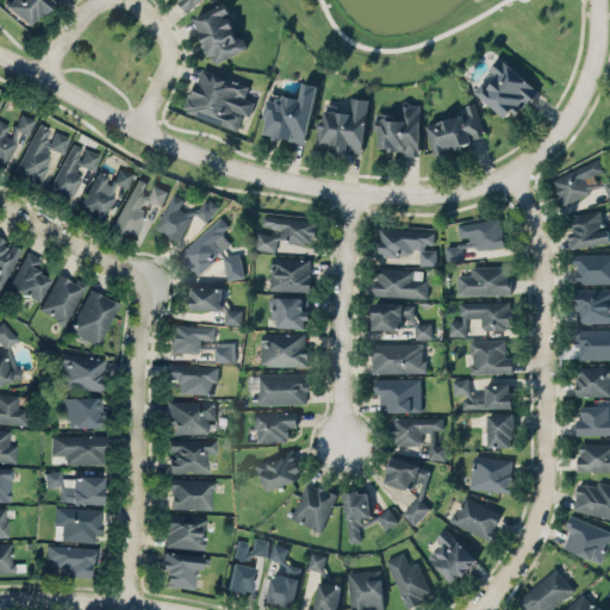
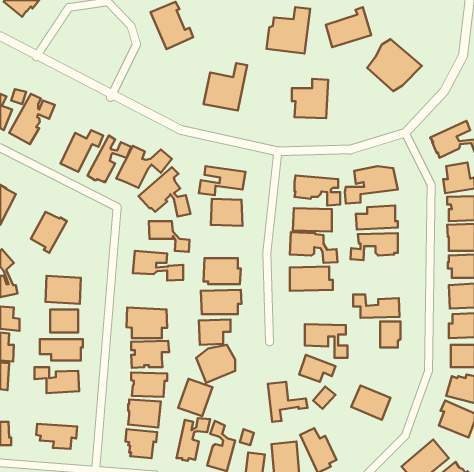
building: [185,68,256,131] -> none
building: [316,94,372,154] -> [266,7,310,54]
building: [428,105,486,156] -> [326,7,371,47]
building: [49,147,100,205] -> none
building: [11,255,49,304] -> none
building: [70,293,118,348] -> none
building: [269,297,311,329] -> none
building: [469,340,515,375] -> none
building: [168,367,218,397] -> none
building: [374,379,423,413] -> none
building: [471,456,515,494] -> none
building: [293,485,337,533] -> [178,379,213,416]
building: [55,509,104,543] -> none
building: [429,528,480,585] -> none

